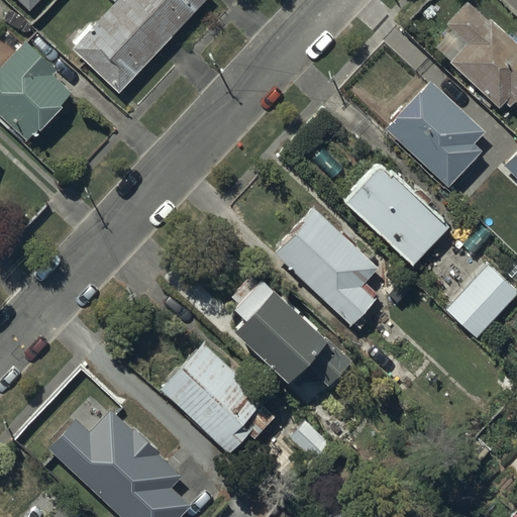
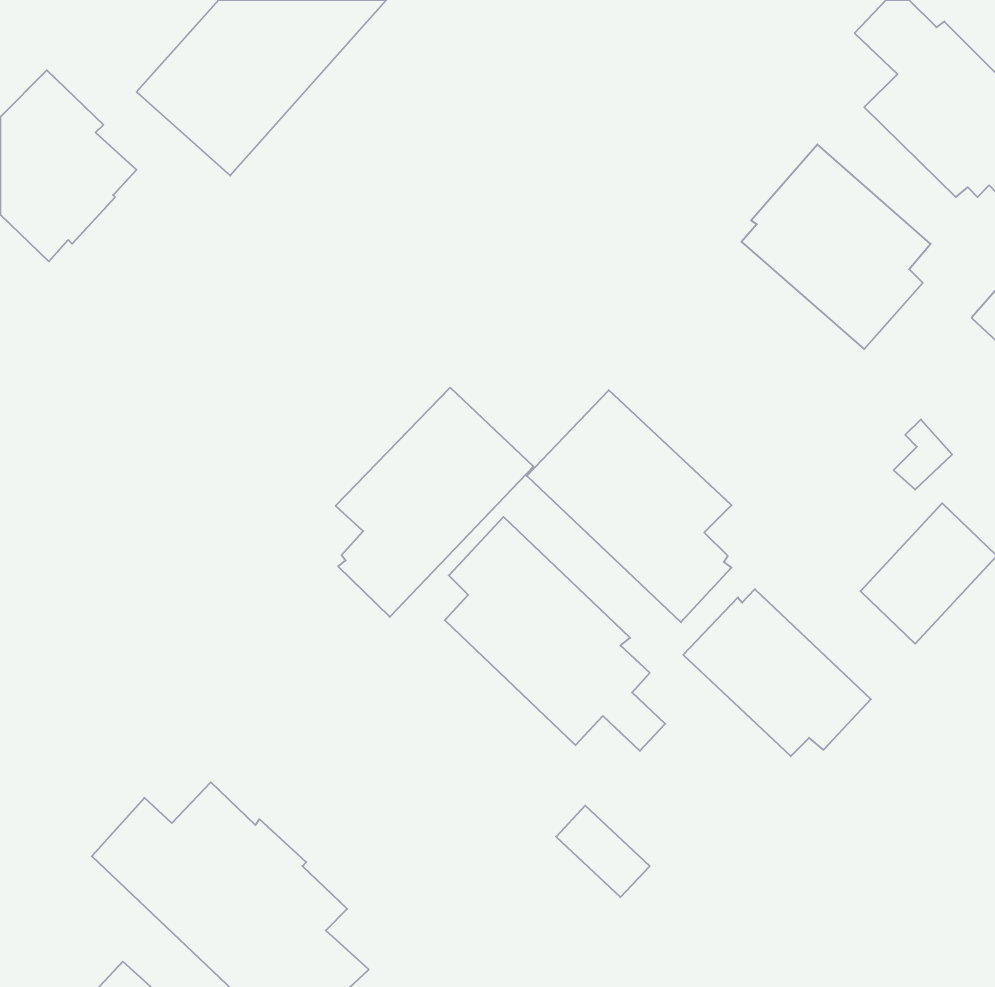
building: [342,163,448,265] -> none
building: none -> [336,388,533,617]
building: none -> [683,589,871,756]
building: [159,340,272,451] -> none

